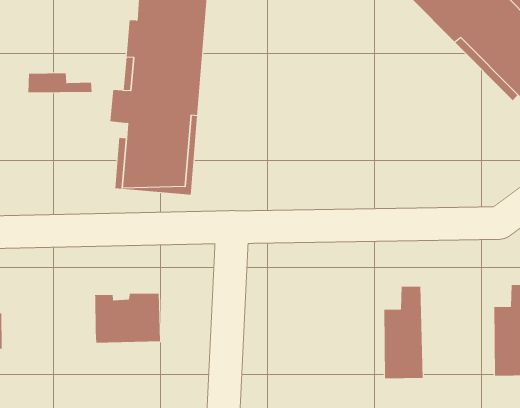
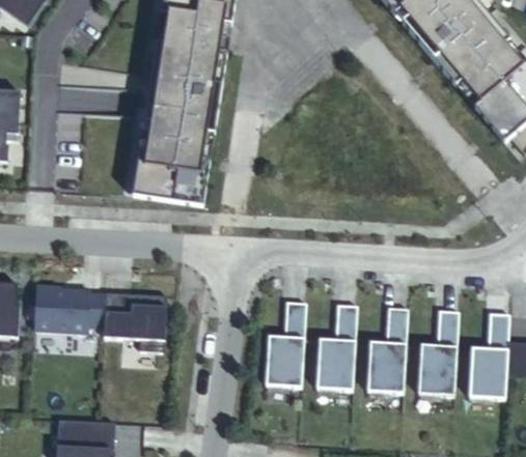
building: none -> [418,309,459,394]
building: none -> [316,304,357,389]
building: none -> [266,301,306,385]
building: none -> [34,284,106,332]

